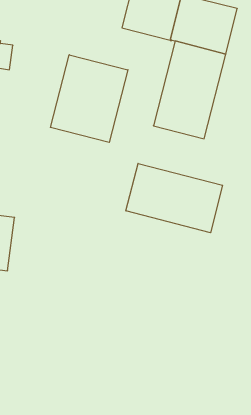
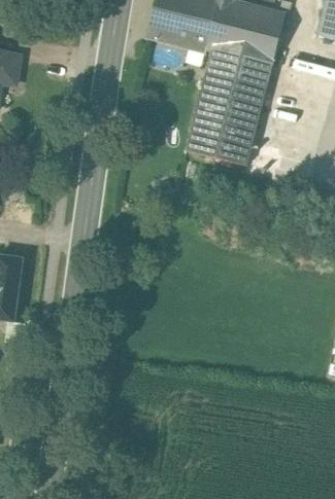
building: [50,55,128,142] -> none
building: [126,163,223,233] -> none

